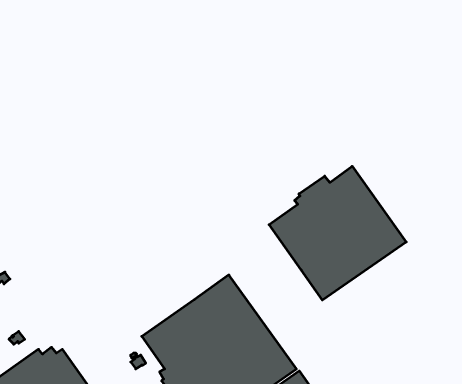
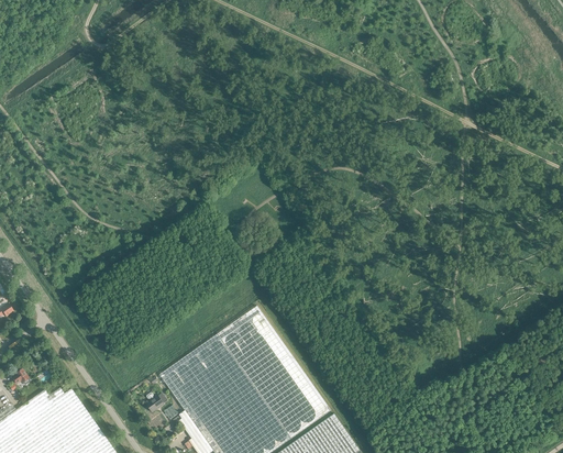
building: [269,166,406,300] -> none

